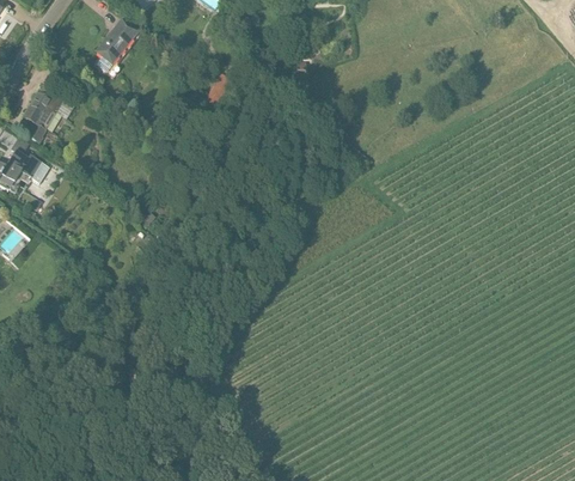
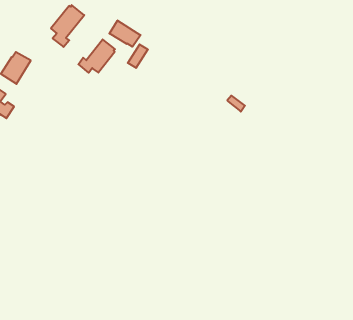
building: none -> [109,20,141,47]
building: none -> [78,39,115,73]

